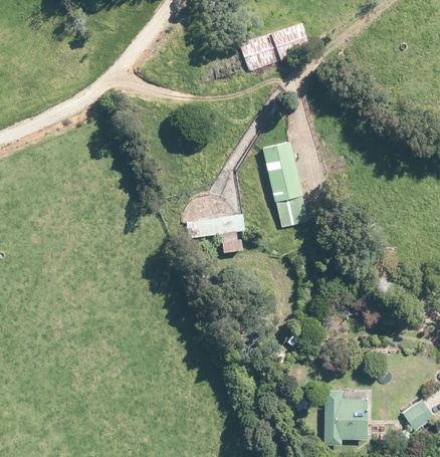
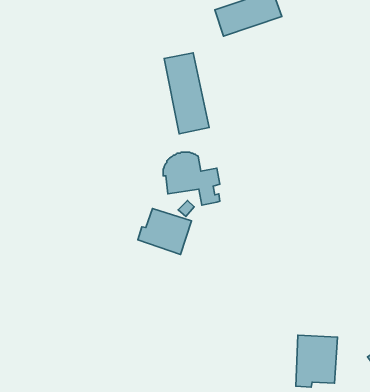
building: [262,142,310,228] -> [164,53,209,134]
building: none -> [138,208,192,254]

